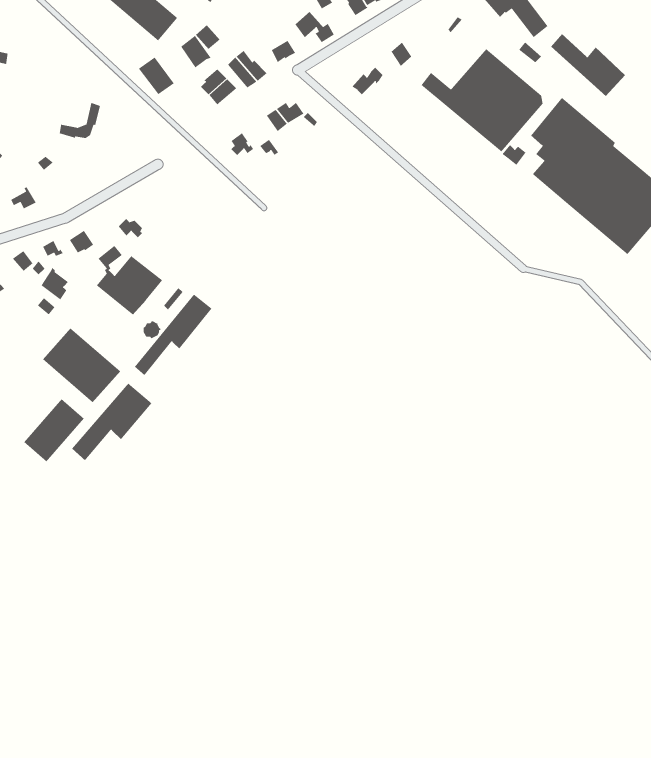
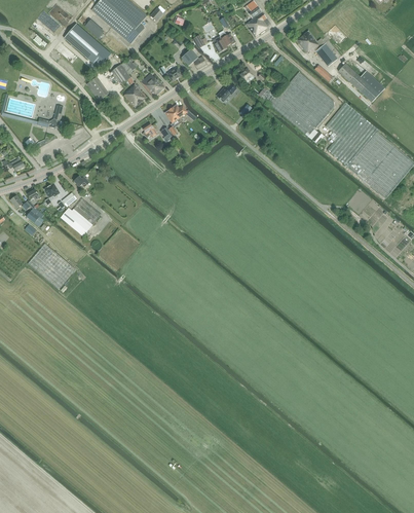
building: [134,294,212,376] -> none
building: [71,383,152,461] -> none
building: [23,398,85,462] -> none

